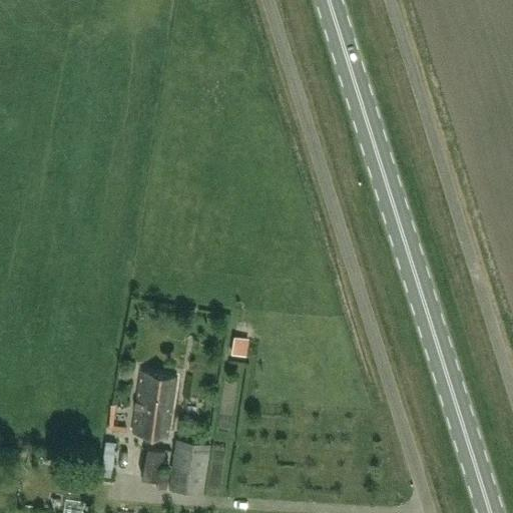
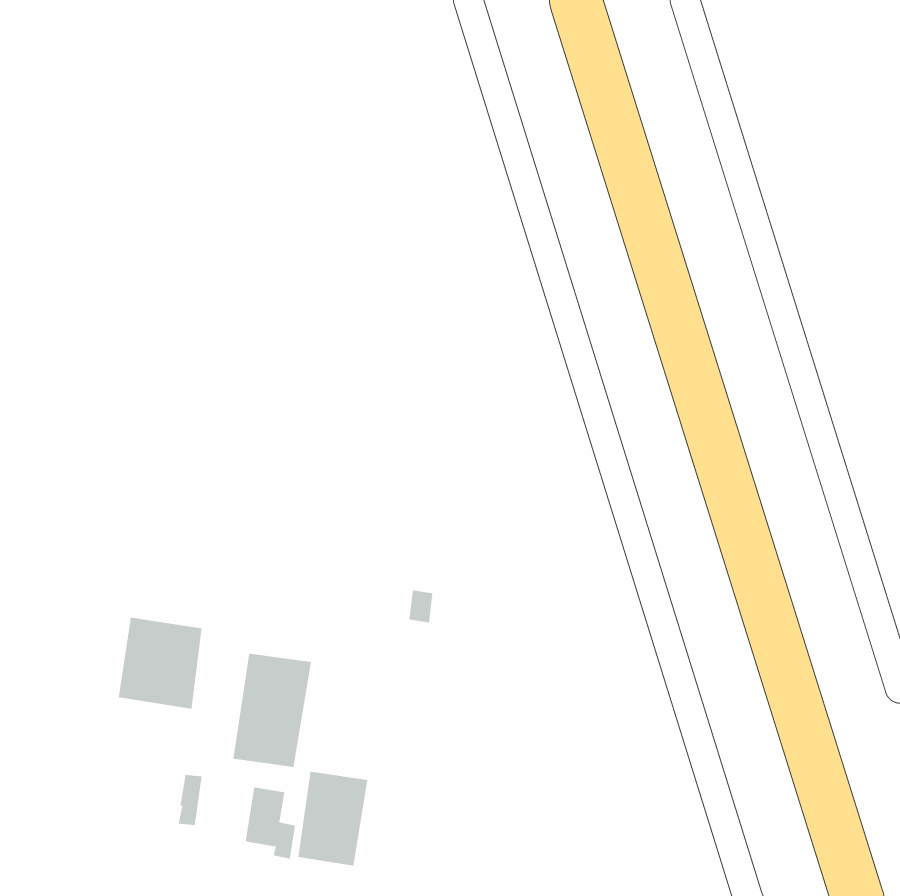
building: none -> [118,617,202,710]

